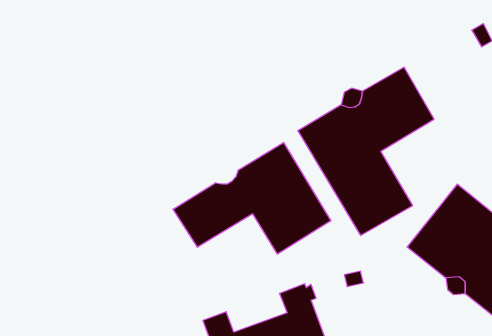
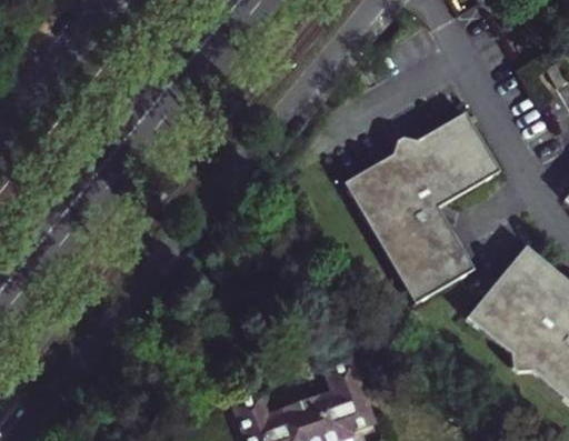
building: [173,142,331,254] -> none

